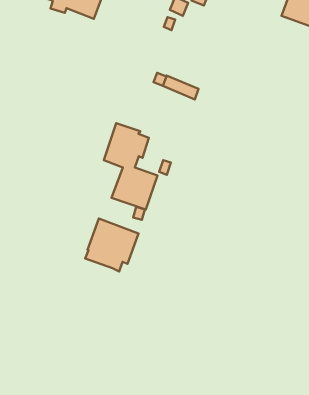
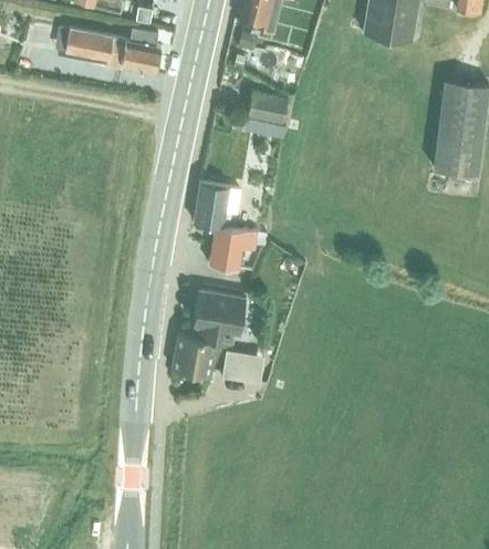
building: none -> [248,95,288,127]
building: none -> [171,335,223,376]
building: none -> [222,355,263,386]

